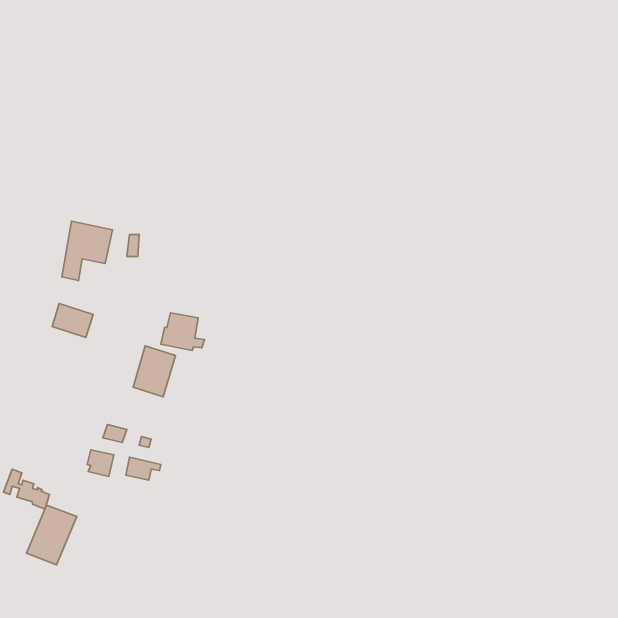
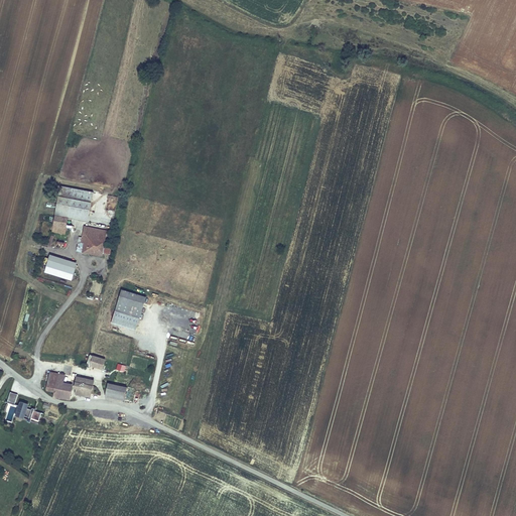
building: [161,313,204,350] -> [76,225,112,256]
building: none -> [46,371,73,399]
building: [26,505,77,565] -> none

